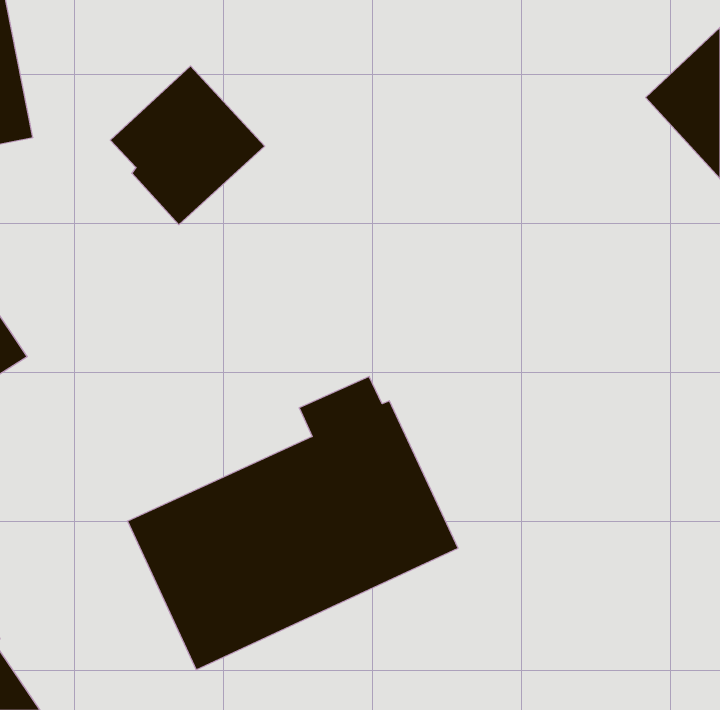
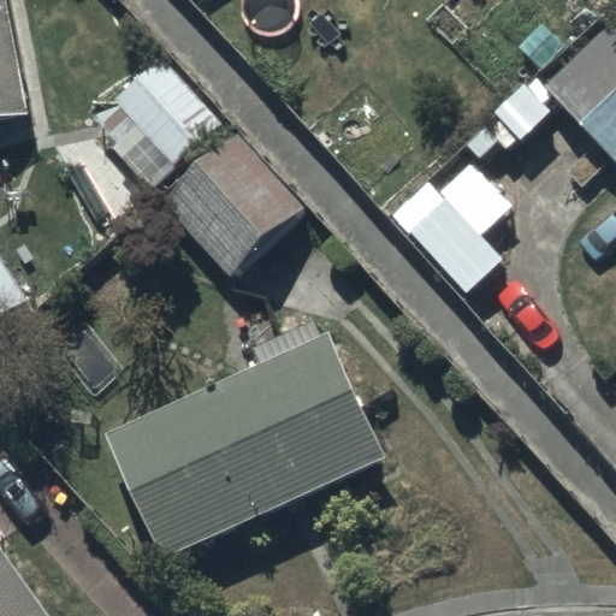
building: none -> [160,132,304,277]
building: none -> [386,156,511,291]

